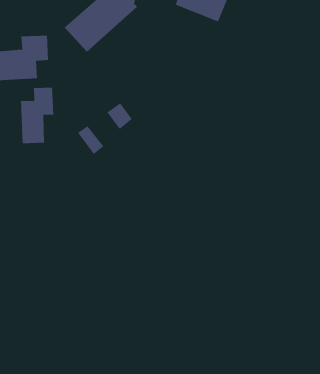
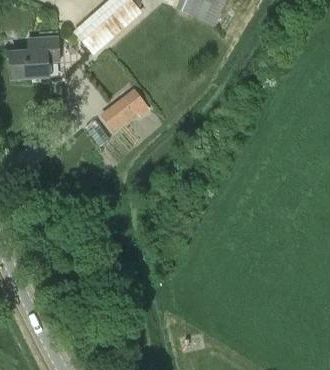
building: [21,87,54,144] -> none

